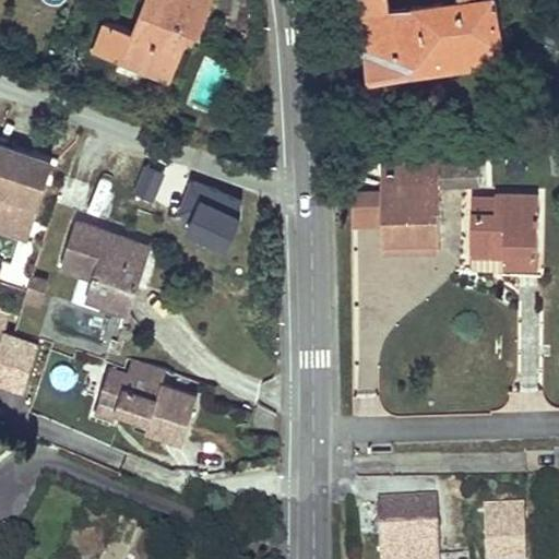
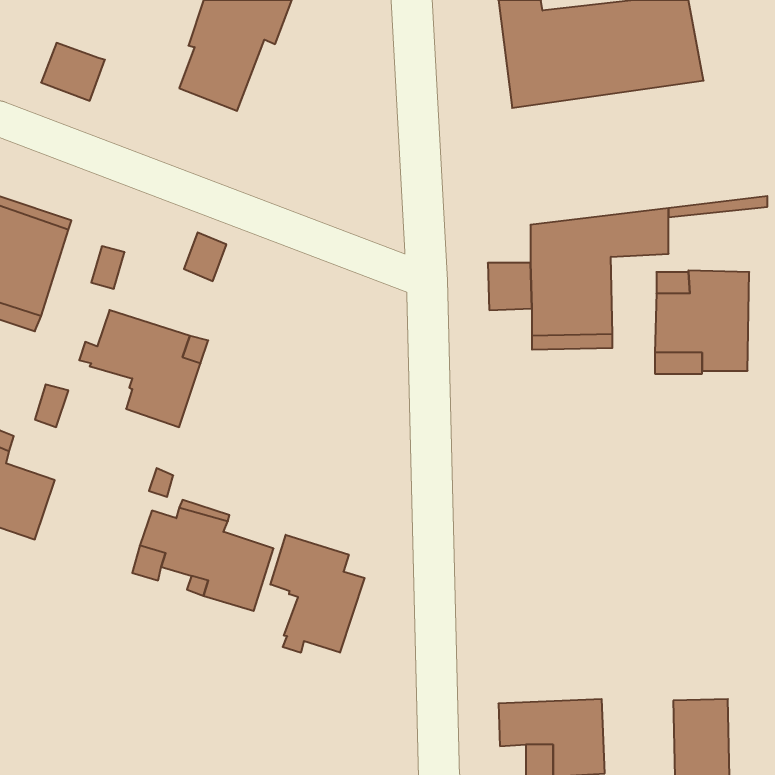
building: [94,23,140,64] -> [41,43,105,101]
building: [178,183,240,257] -> none
building: none -> [270,535,365,653]

